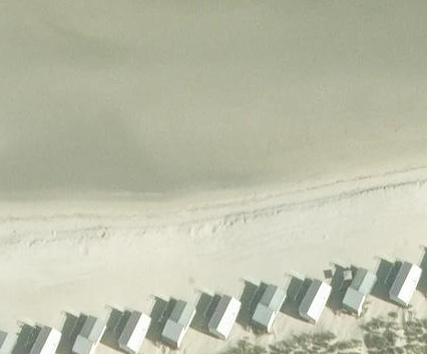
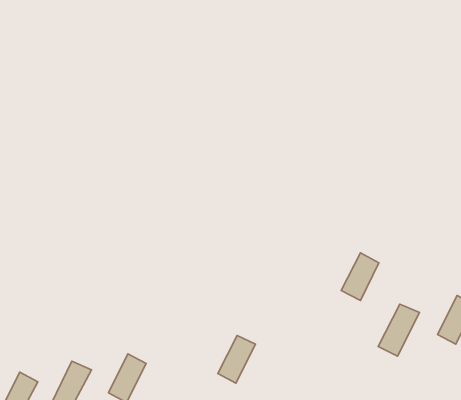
building: [297,279,328,318] -> [341,253,379,300]
building: [249,285,282,328] -> none
building: [158,300,191,343] -> none

